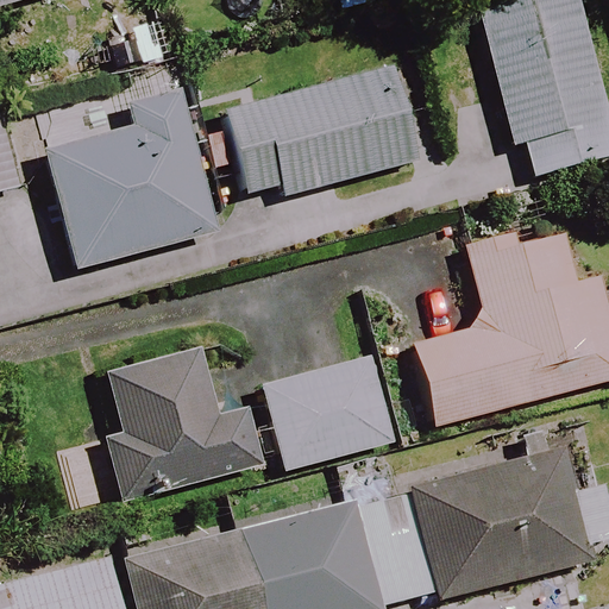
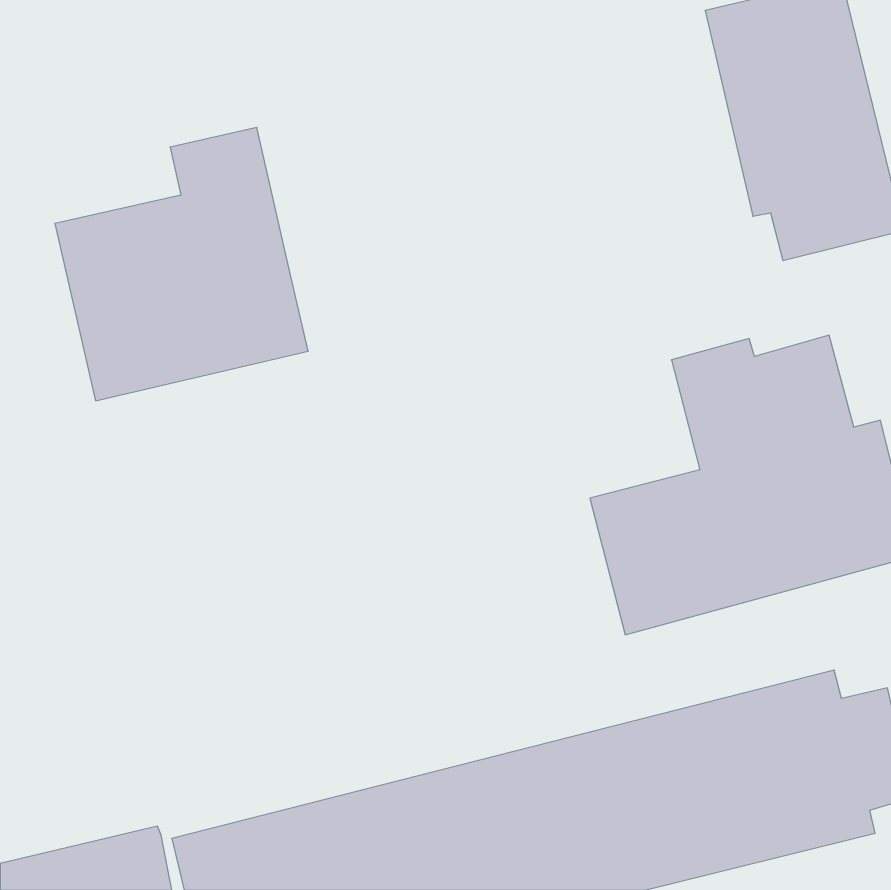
building: [222,61,421,202] -> none
building: [105,349,265,501] -> none
building: [262,354,397,470] -> none

